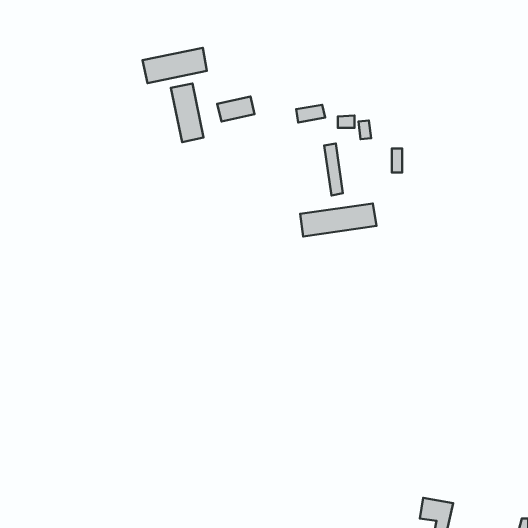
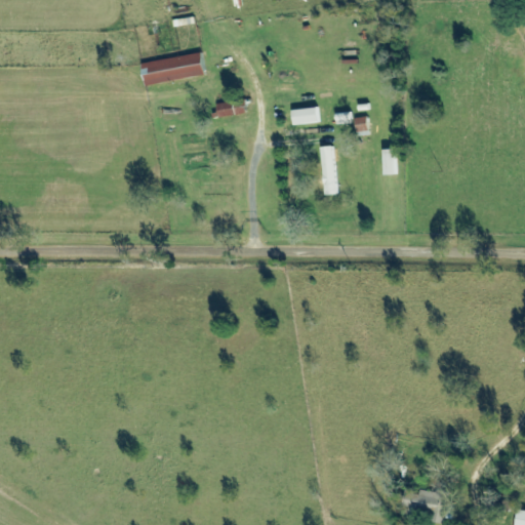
building: [171,84,204,142] -> none
building: [300,203,377,237] -> none

